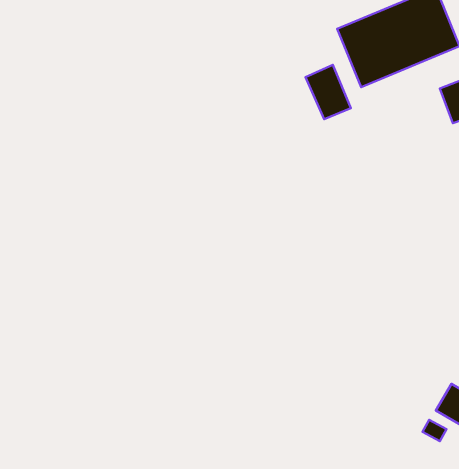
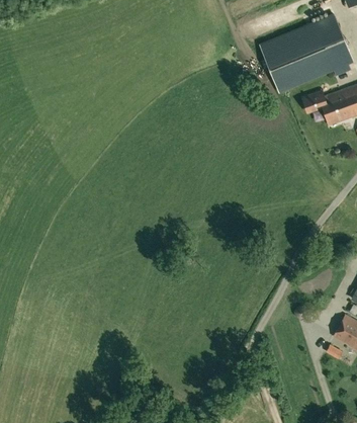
building: [305,65,351,119] -> none
building: none -> [301,91,347,125]

